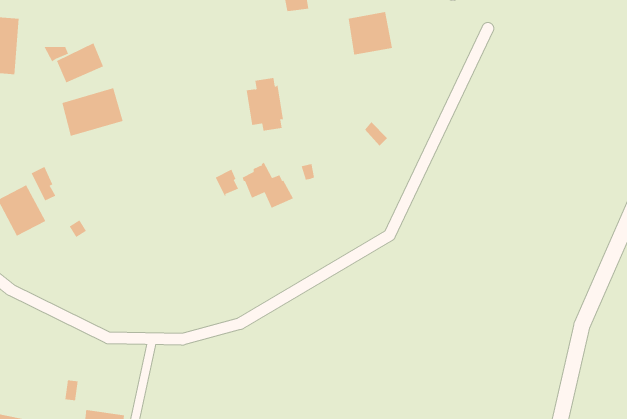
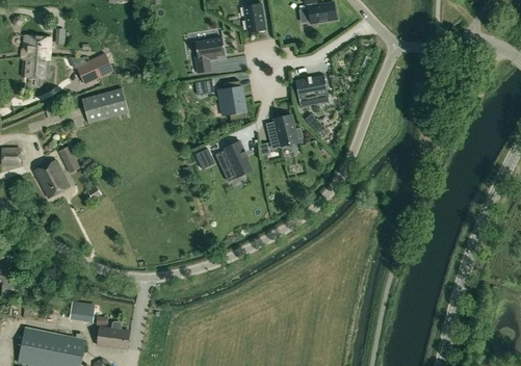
building: [348,12,393,55] -> [294,76,328,108]
building: none -> [193,38,224,74]
building: none -> [265,115,302,147]

